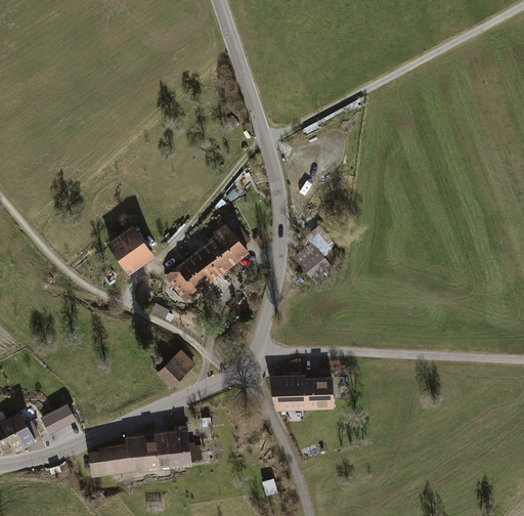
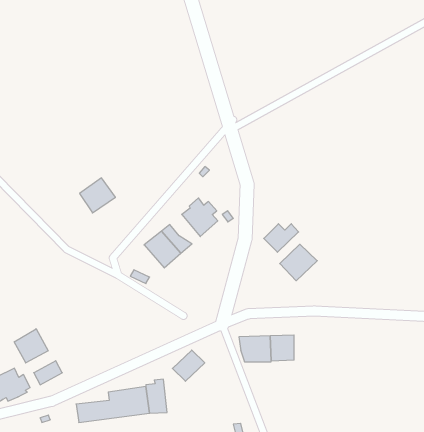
building: [111,230,150,269] -> [80,178,115,213]
building: [193,243,227,275] -> none
building: none -> [280,244,317,281]
building: [158,351,193,386] -> [172,350,205,381]
building: none -> [14,329,48,363]

